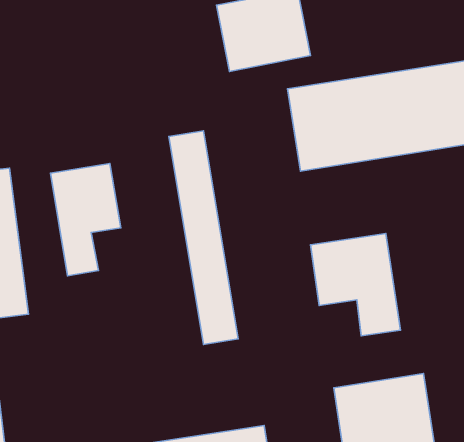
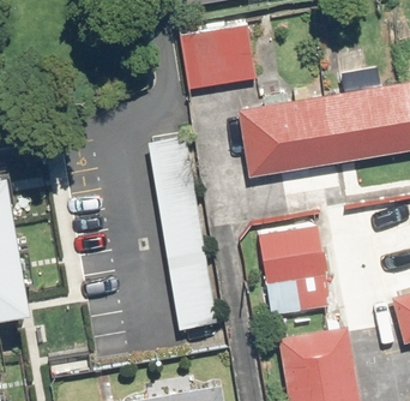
building: [50,164,121,276] -> none

